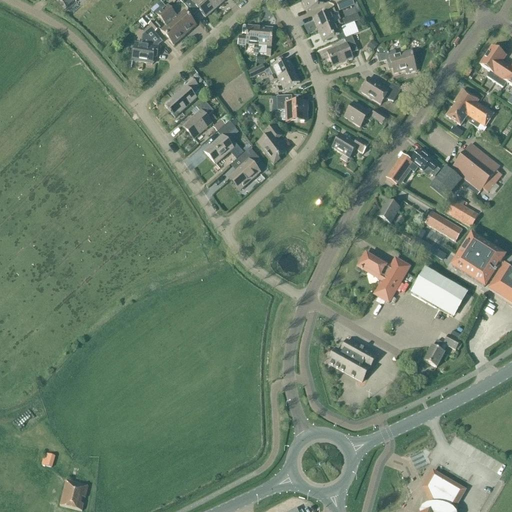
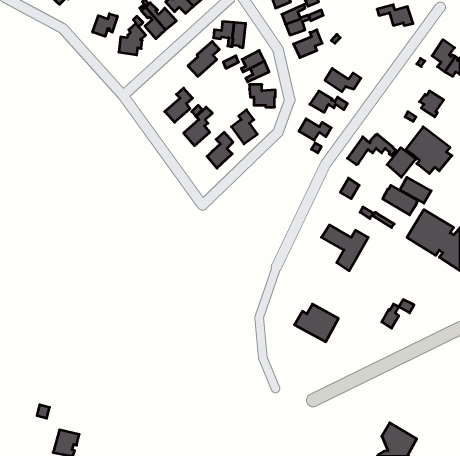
building: none -> [93,14,117,36]
building: [376,48,416,71] -> [377,5,413,25]
building: [164,76,199,115] -> [188,41,219,76]
building: [446,87,478,123] -> none
building: [413,267,467,311] -> none

